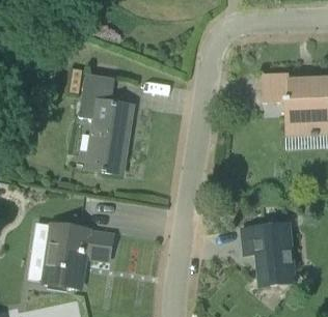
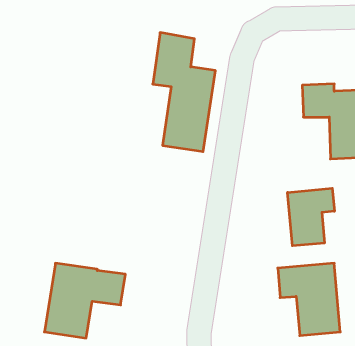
building: [79,74,132,174] -> [153,33,215,152]
building: none -> [288,188,334,246]

